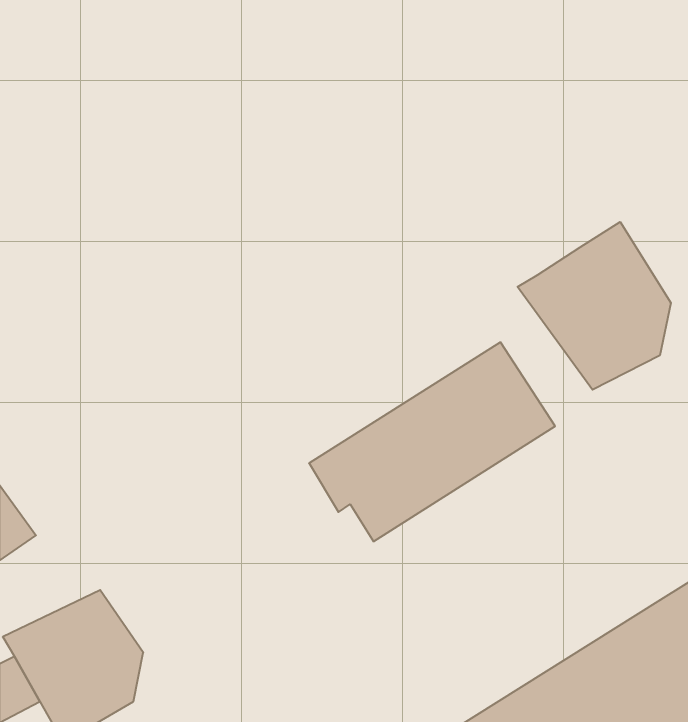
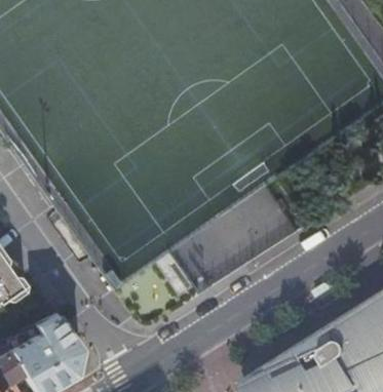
building: [518,222,671,390] -> none

